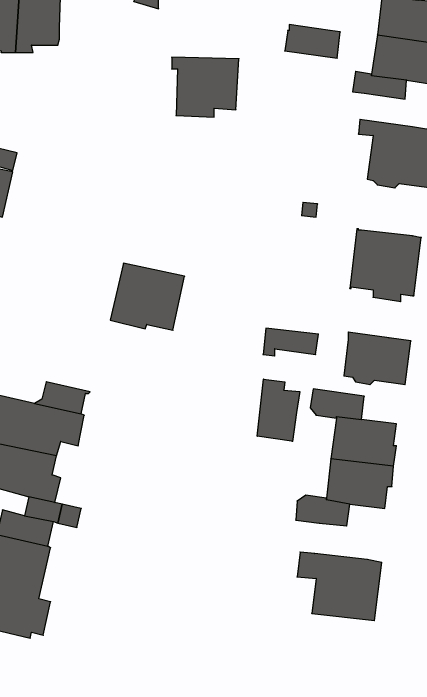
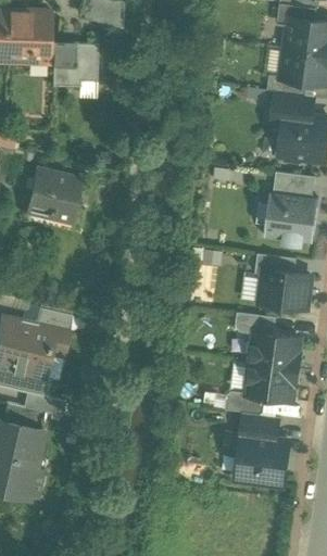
building: [285,25,340,58] -> [272,92,313,117]
building: [172,57,239,117] -> [48,43,98,88]
building: none -> [273,173,314,199]
building: [110,263,185,330] -> [25,169,80,219]
building: [263,328,318,356] -> [254,255,295,276]
building: [257,379,300,441] -> none
building: none -> [238,413,280,440]

